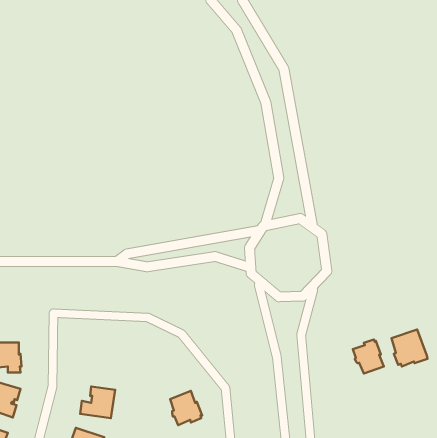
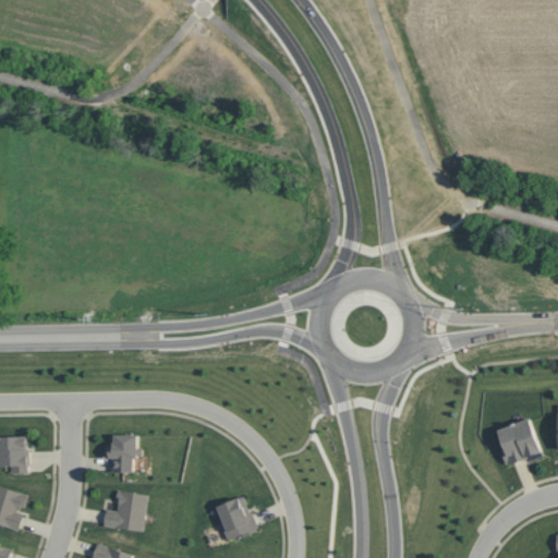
building: [353,339,384,373] -> none
building: none -> [107,436,141,473]

